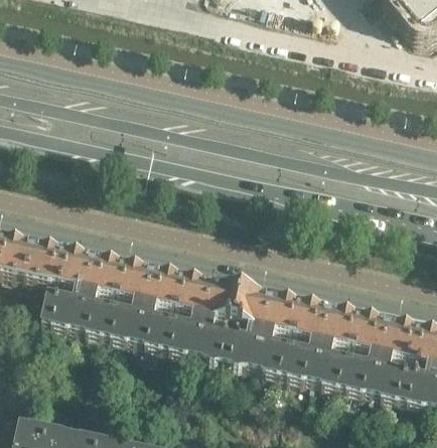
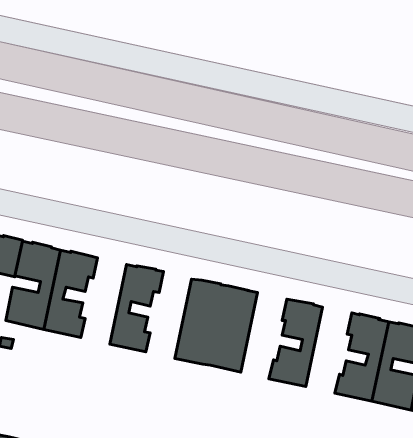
building: [108,265,150,343] -> none
building: [166,278,208,356] -> none
building: [253,297,294,375] -> none
building: [311,310,352,388] -> none

